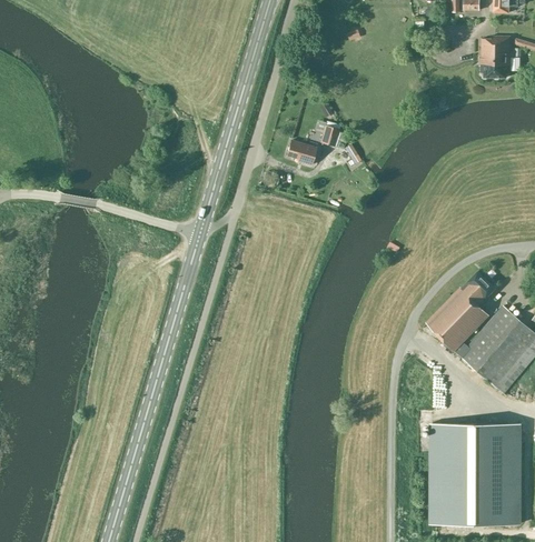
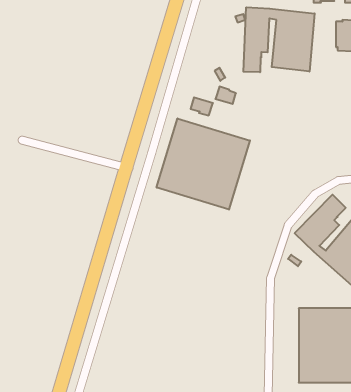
building: none -> [243,7,315,72]
building: none -> [157,118,250,210]

